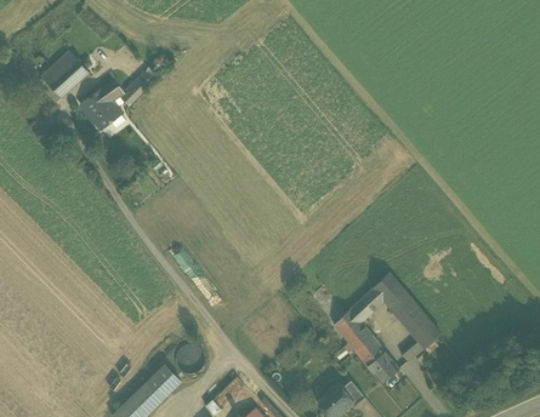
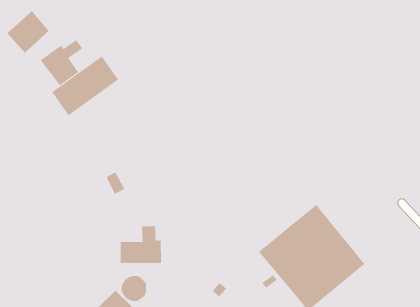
building: none -> [51,55,119,116]
building: none -> [120,225,162,264]

